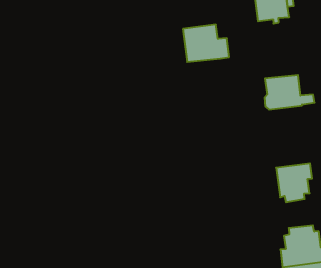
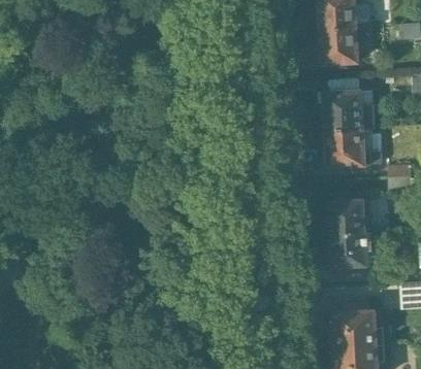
building: [183,25,229,62] -> [324,90,375,130]
building: none -> [329,192,370,233]

